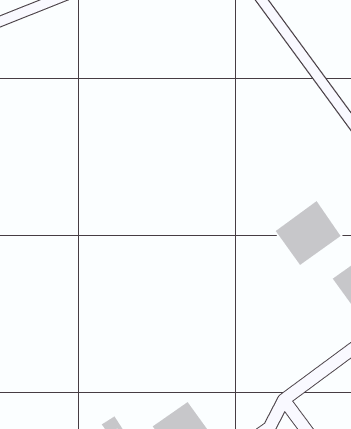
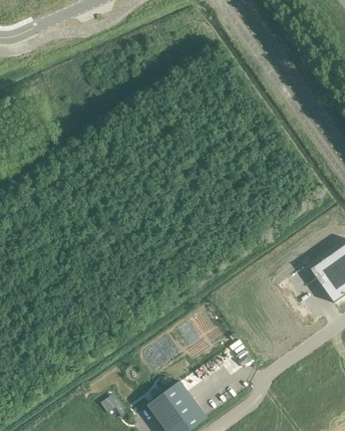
building: [275,200,342,266] -> none

